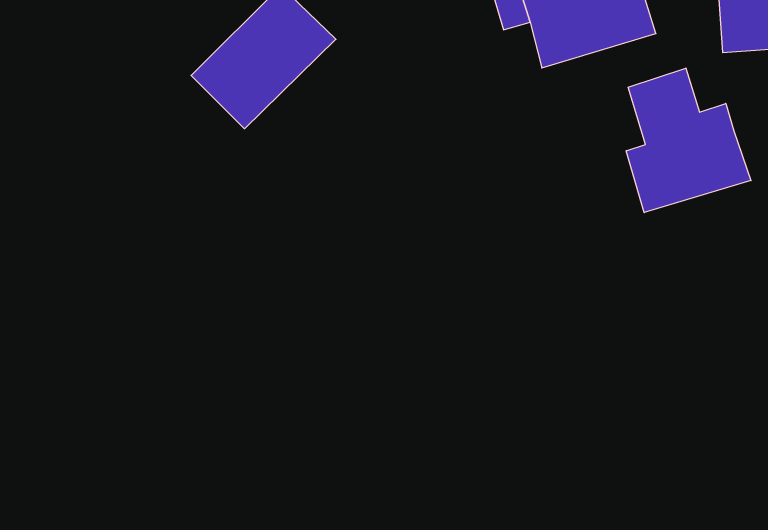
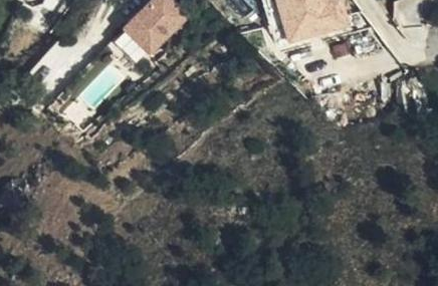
building: [626,68,751,213] -> none

